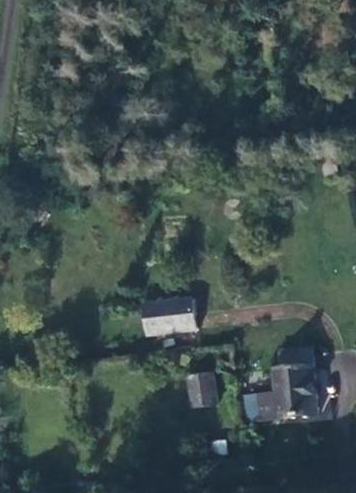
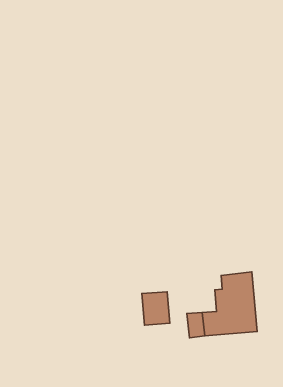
building: [144,297,194,332] -> none

